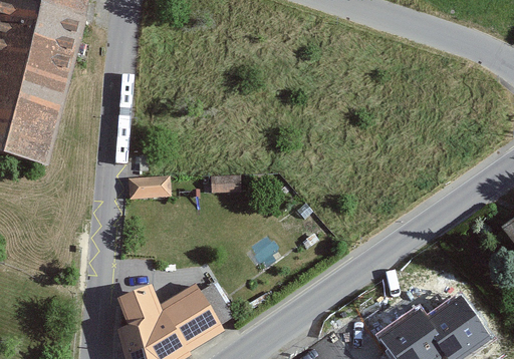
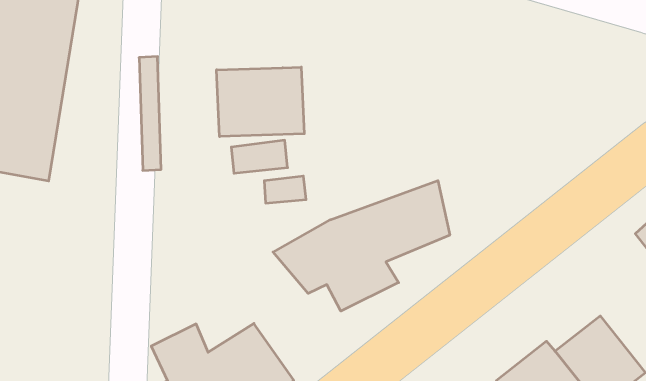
building: none -> [217,67,304,137]
building: [128,174,171,198] -> [231,140,288,173]
building: none -> [273,181,450,311]

